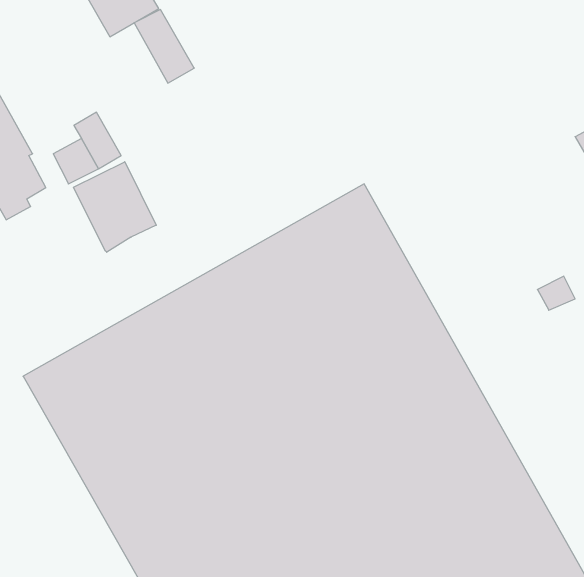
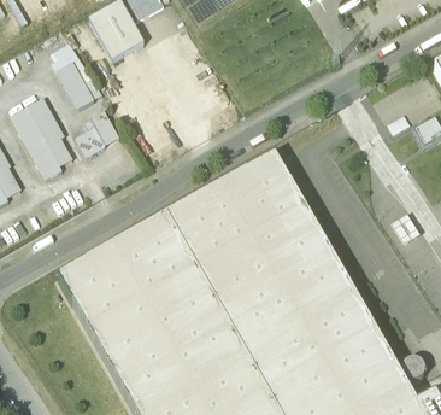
building: [134,10,194,83] -> [55,64,94,111]
building: [74,162,156,252] -> none

